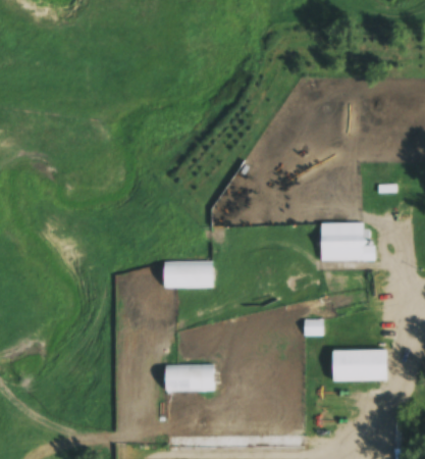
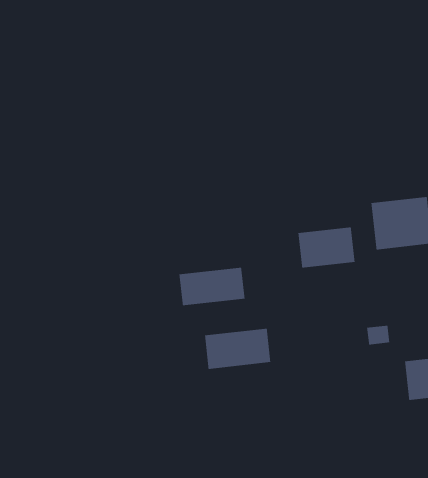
building: none -> [298,226,356,268]
building: [165,364,215,392] -> [204,328,271,370]

